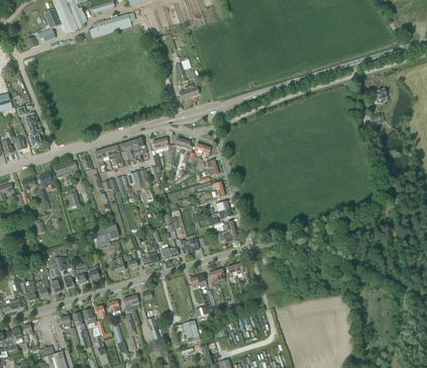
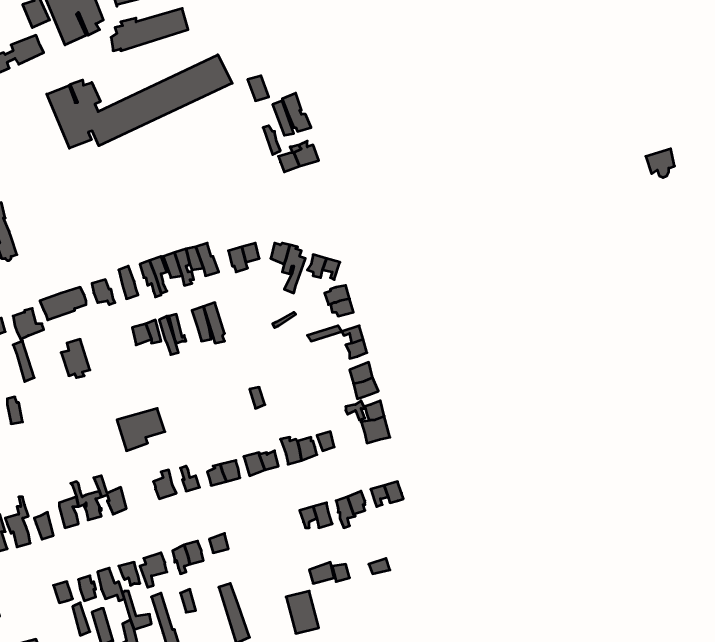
building: none -> [47,55,232,148]

